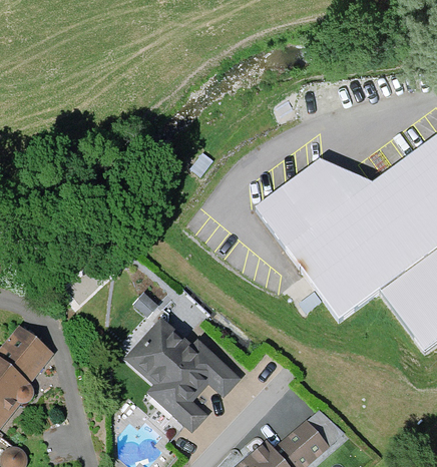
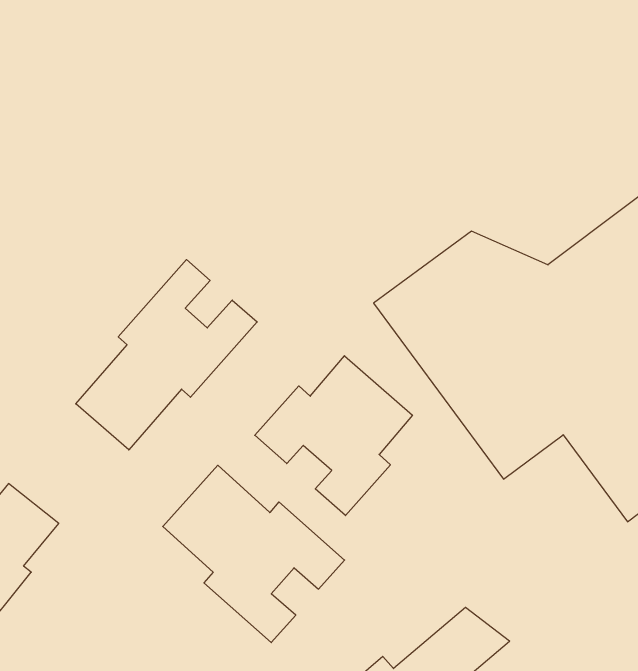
building: none -> [76,260,257,450]
building: none -> [255,356,412,516]

